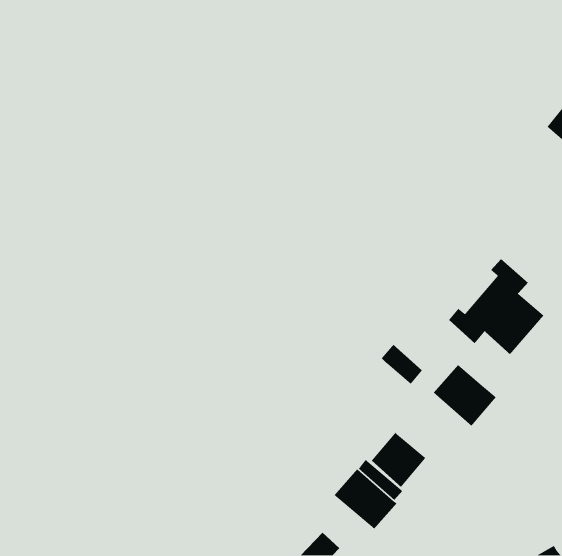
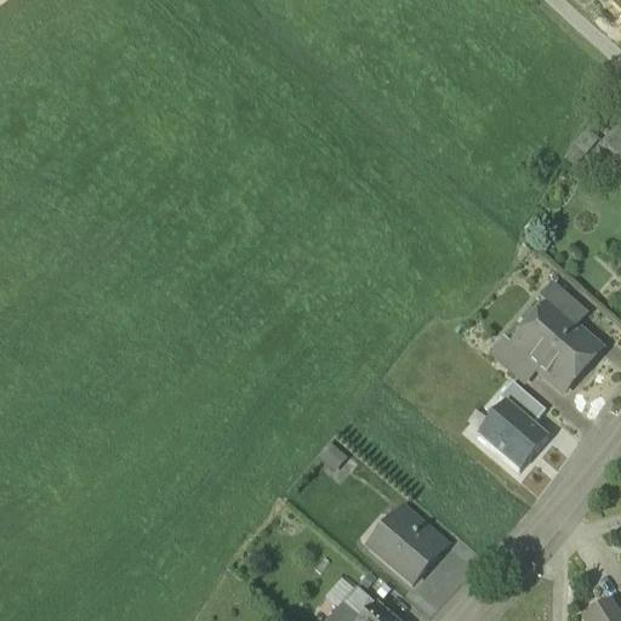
building: [381,344,423,385] -> [500,378,546,423]
building: [371,432,426,488] -> none

